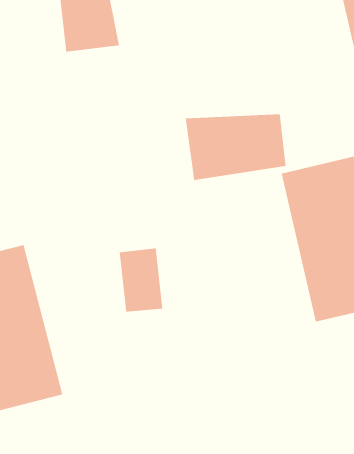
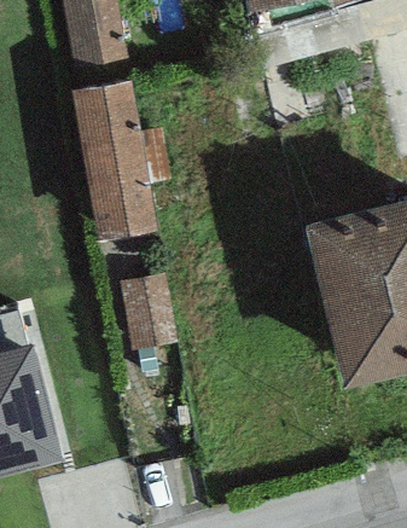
building: none -> [72,81,152,238]
building: [185,114,286,181] -> none

